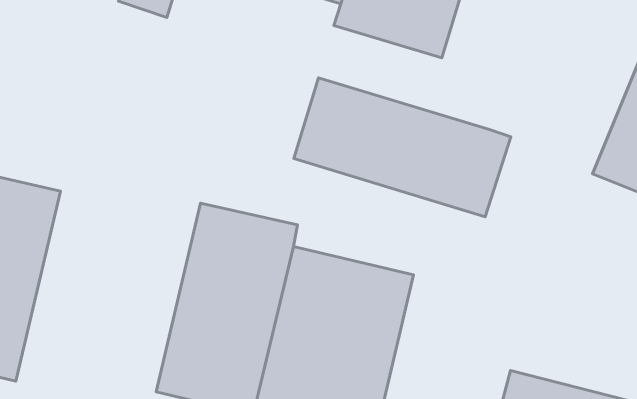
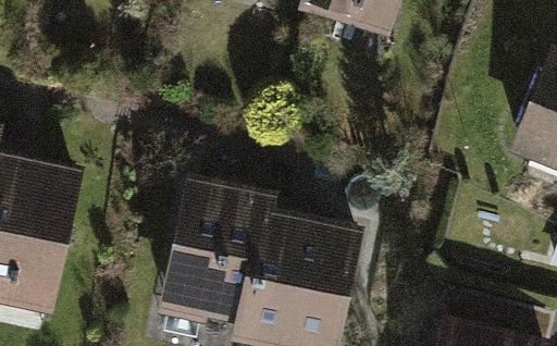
building: [294,78,511,217] -> none

